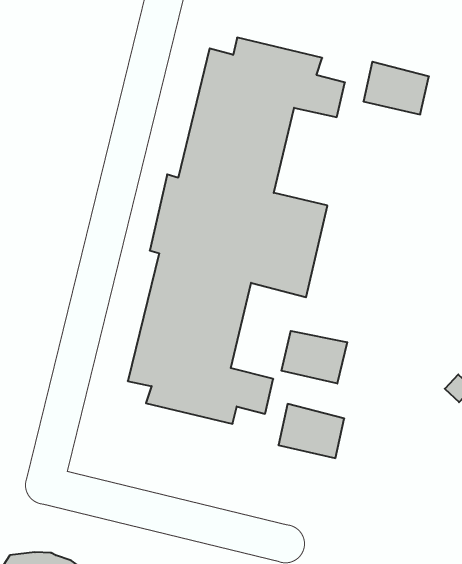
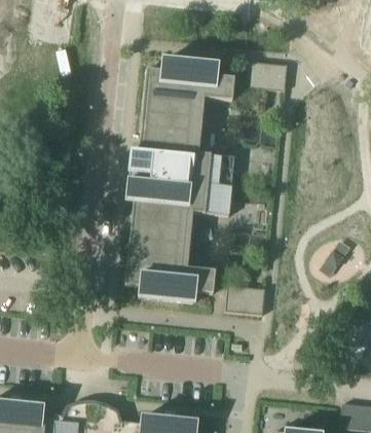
building: [281,331,347,384] -> none

